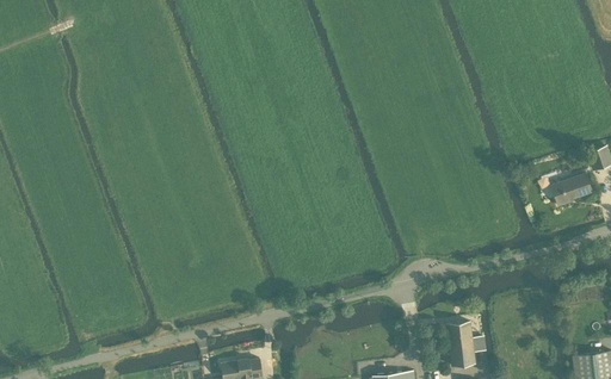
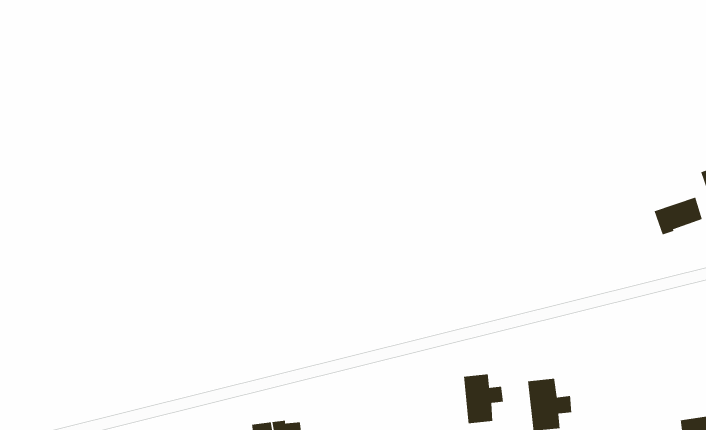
building: none -> [463,373,504,424]

